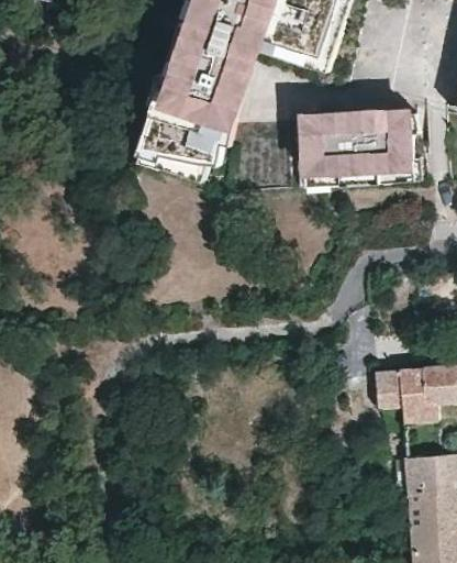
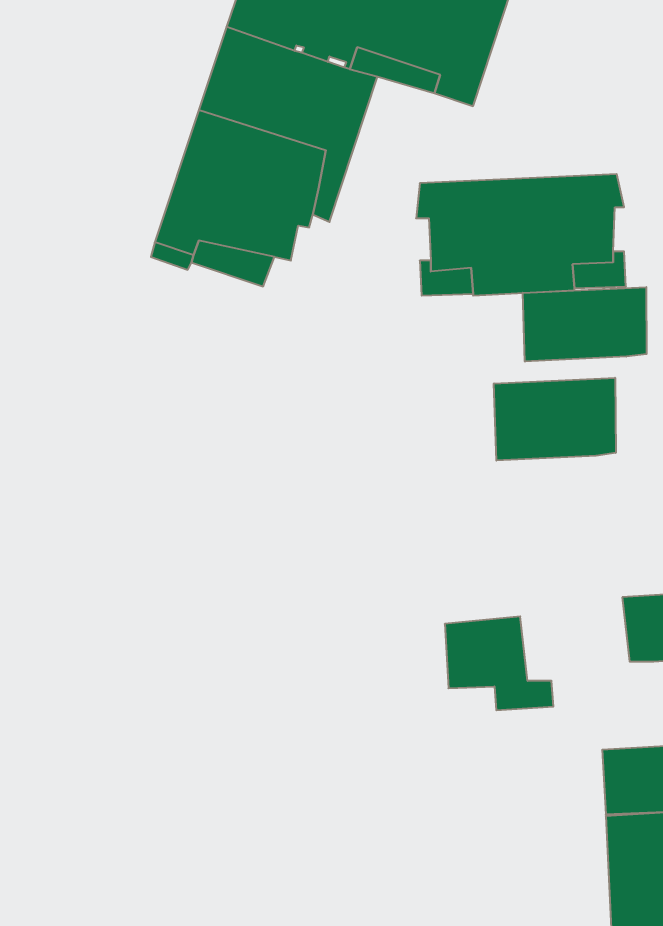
building: none -> [523,287,647,362]
building: none -> [494,378,616,461]
building: [374,365,438,421] -> [445,616,553,710]

